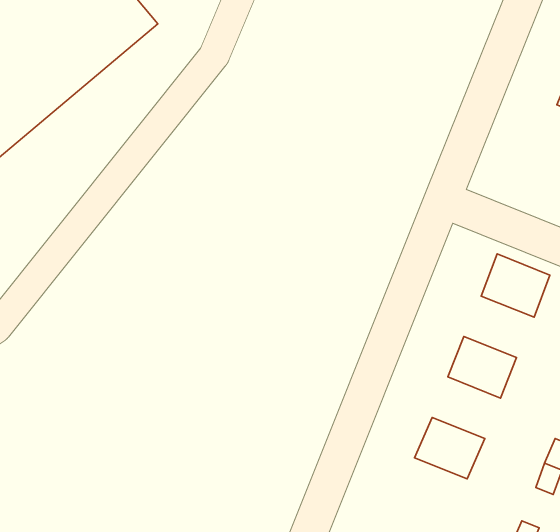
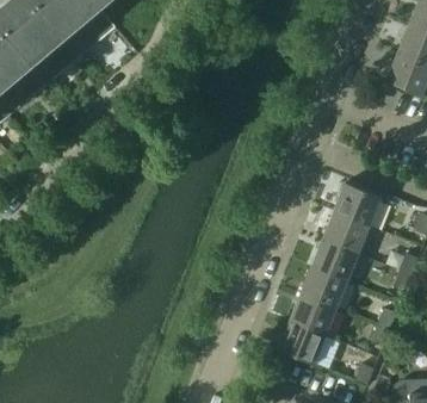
building: none -> [323,211,371,253]
building: none -> [302,266,348,308]
building: none -> [279,321,326,364]

